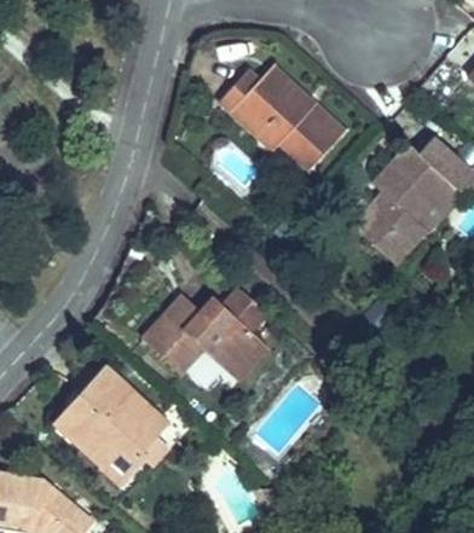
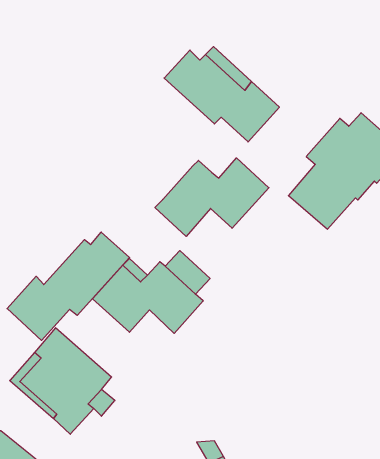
building: none -> [155,158,269,236]
building: none -> [7,232,130,340]

